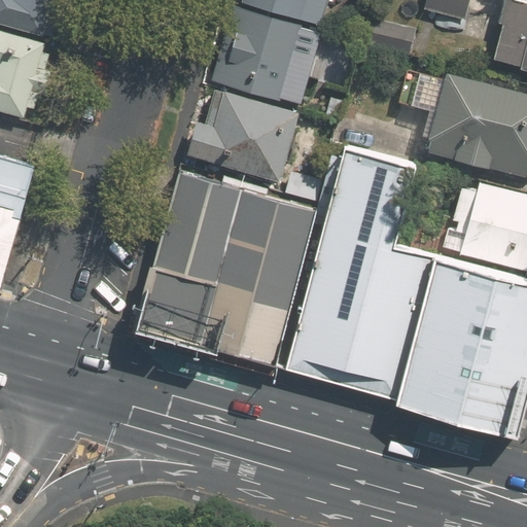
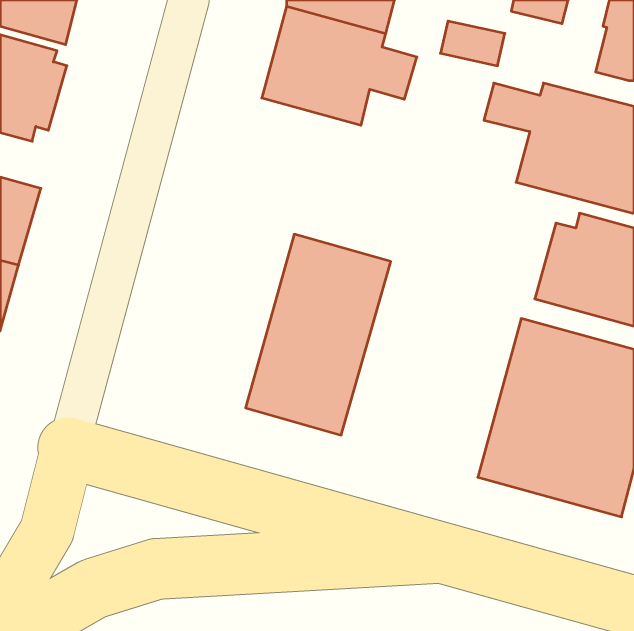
building: [187,83,300,180] -> none
building: [283,148,429,394] -> none
building: [150,182,244,341] -> none

